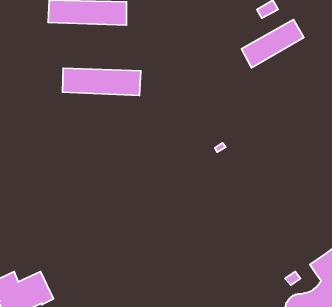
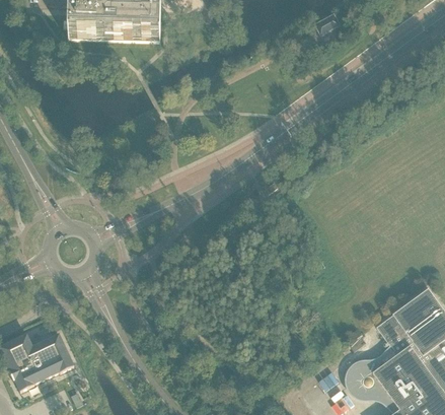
building: [241,19,304,68] -> none
building: [63,68,141,96] -> none

